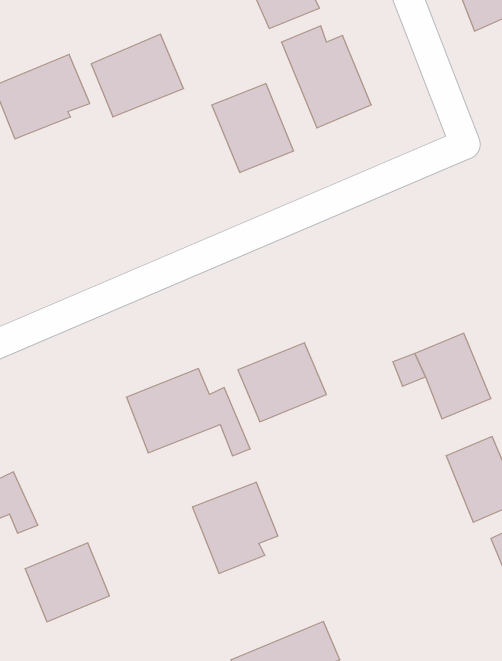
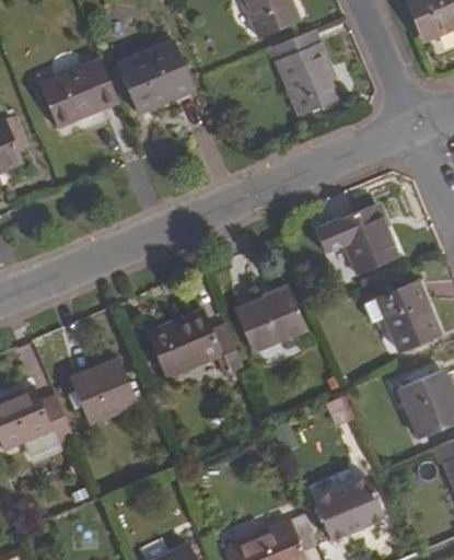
building: [212,83,294,173] -> none
building: none -> [314,206,398,276]
building: [193,482,278,574] -> none
building: [25,543,109,622] -> [72,369,140,432]
building: none -> [315,477,386,538]

